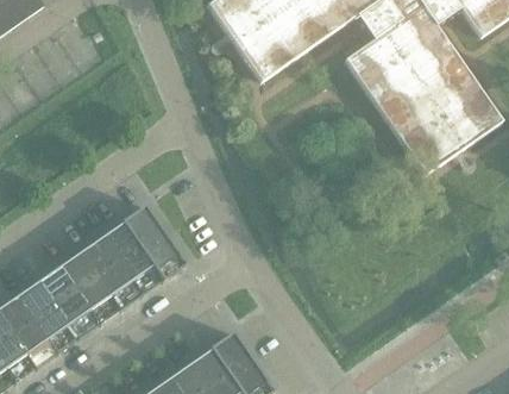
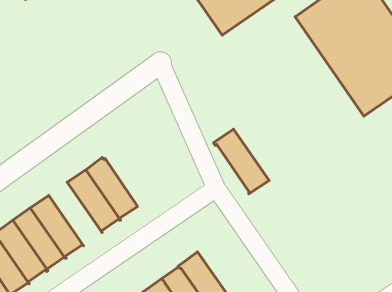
building: [121,205,186,280] -> [214,129,269,194]
building: [59,250,121,324] -> none

